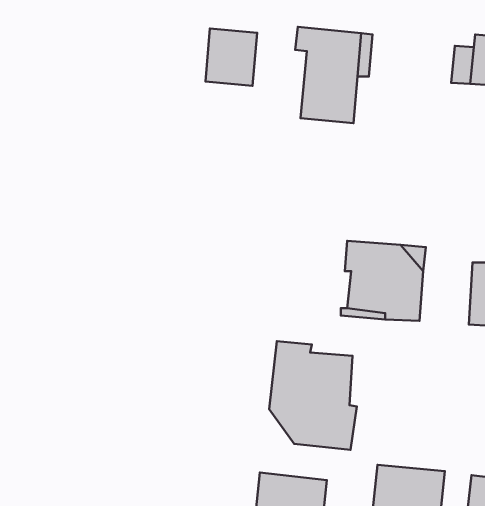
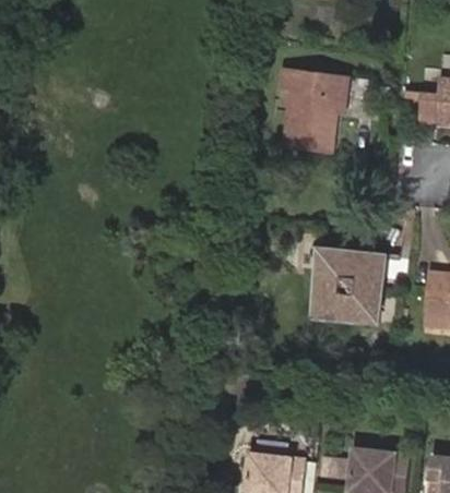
building: [205,29,257,86] -> none
building: [269,341,357,450] -> none

